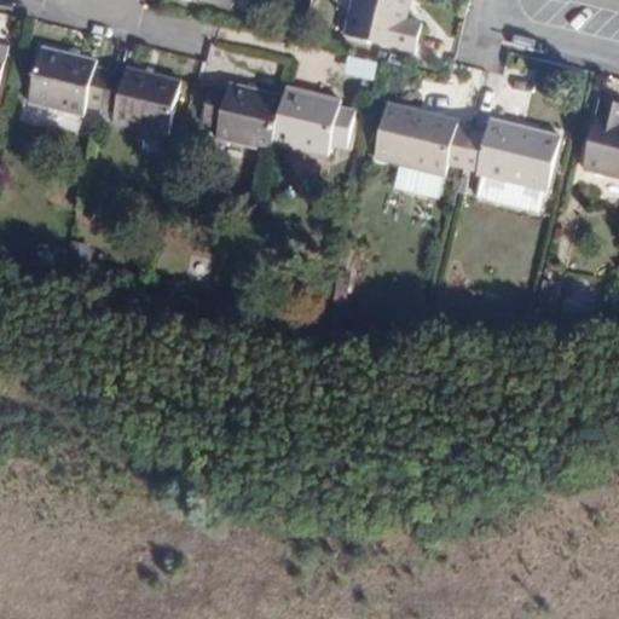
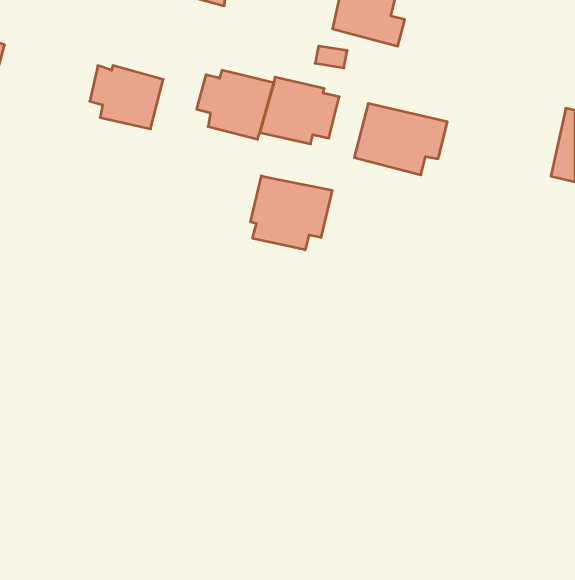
building: [23,47,103,116] -> none
building: [461,125,556,197] -> none
building: none -> [251,176,332,250]

